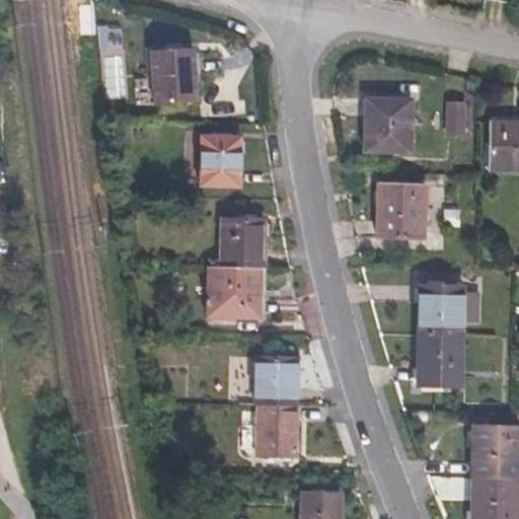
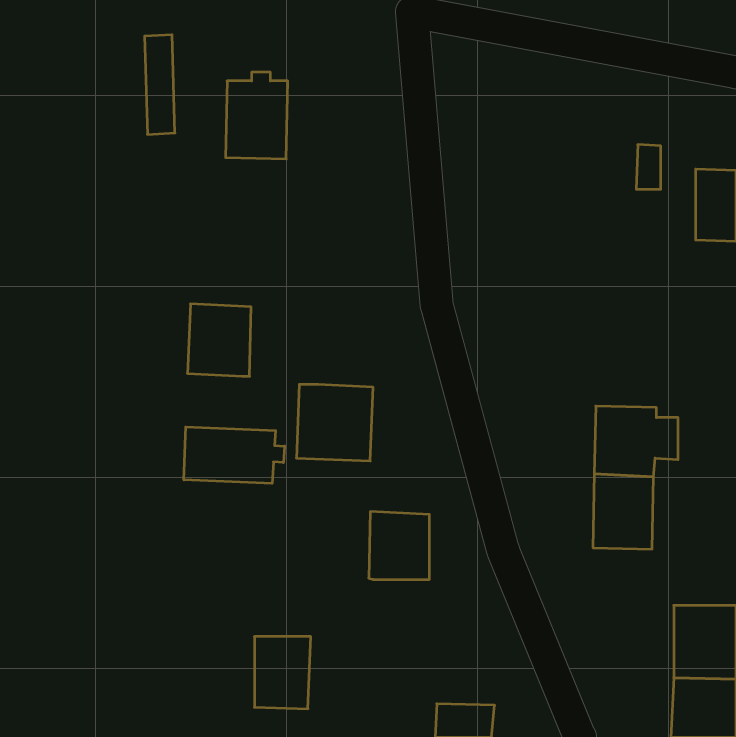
building: [364,95,414,149] -> none
building: [201,137,241,187] -> none
building: [376,181,425,236] -> none
building: [223,221,268,272] -> [187,304,251,376]
building: none -> [184,427,285,483]
building: [262,406,301,457] -> [254,637,311,709]

